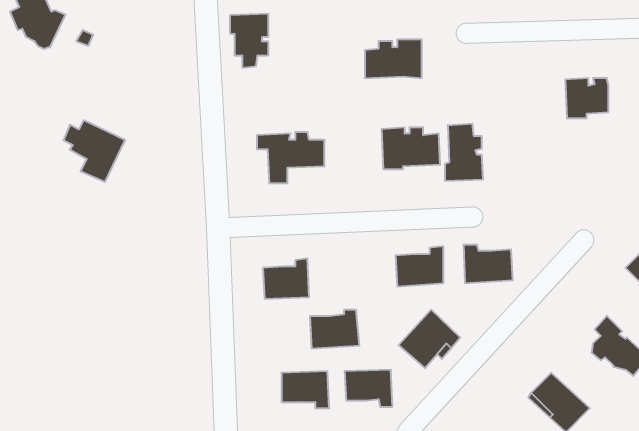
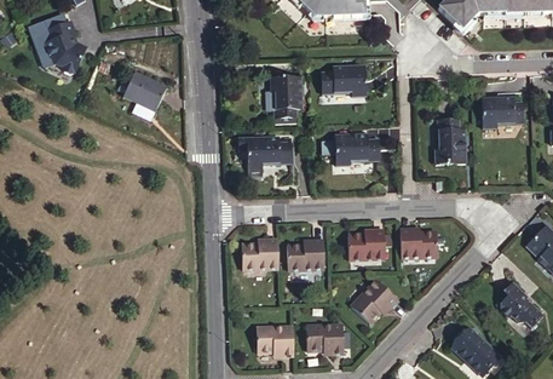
building: [230,14,268,68] -> [269,77,299,120]
building: [63,120,125,182] -> [116,70,165,119]
building: [445,124,483,181] -> [434,117,465,162]
building: [310,310,359,348] -> [286,240,324,270]

